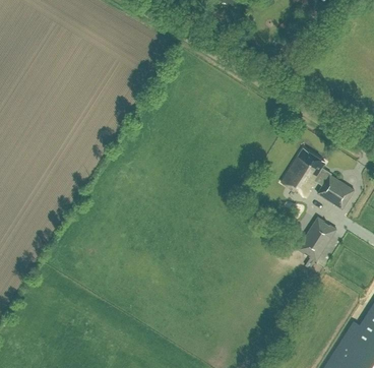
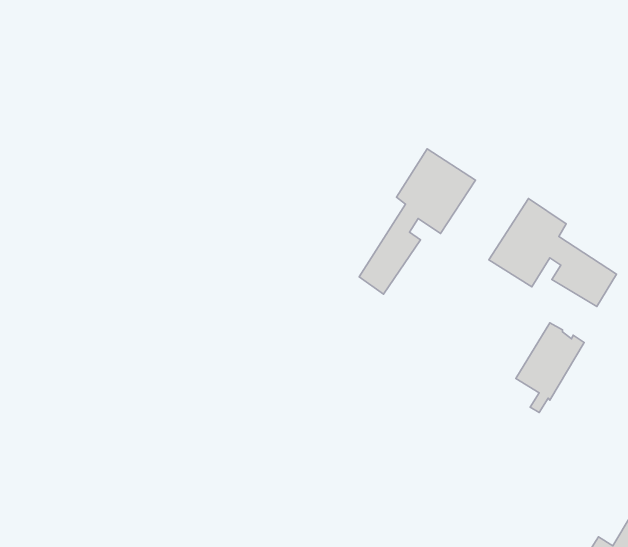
building: none -> [359,149,476,294]

